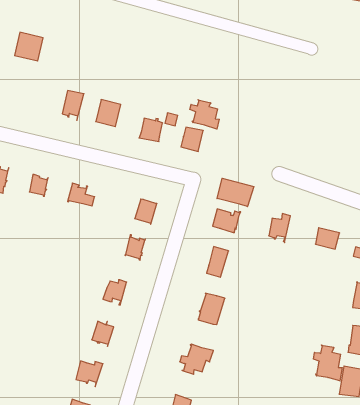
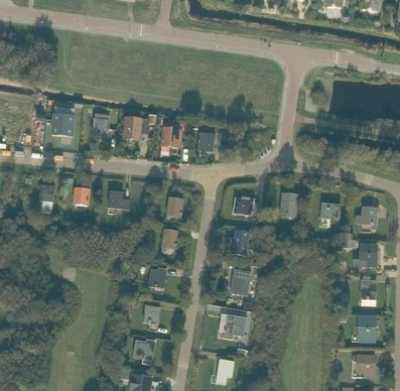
building: [15,32,43,61] -> [52,114,75,136]
building: [190,100,219,129] -> none
building: [217,178,254,207] -> none
building: [313,345,342,381] -> none

